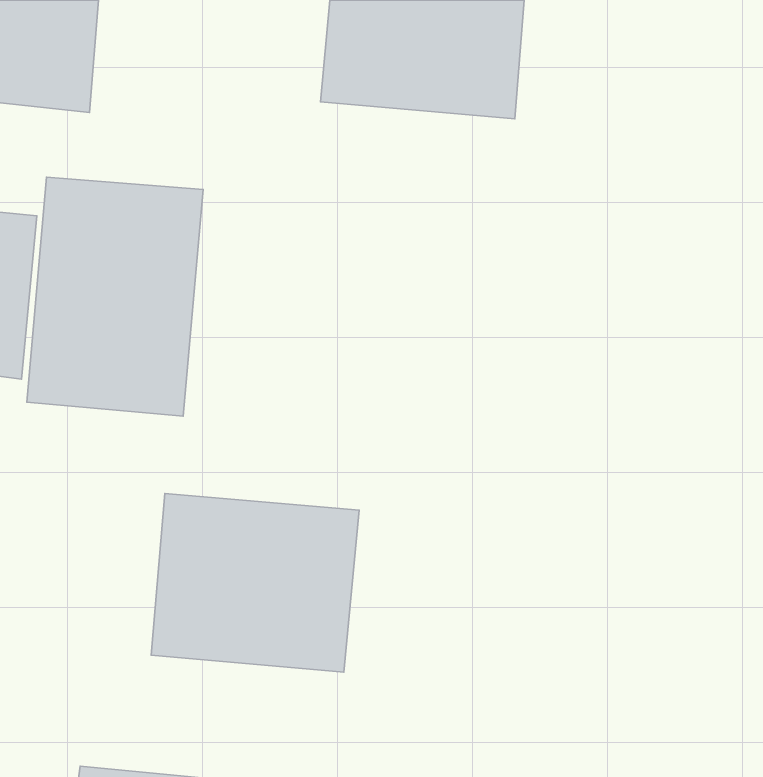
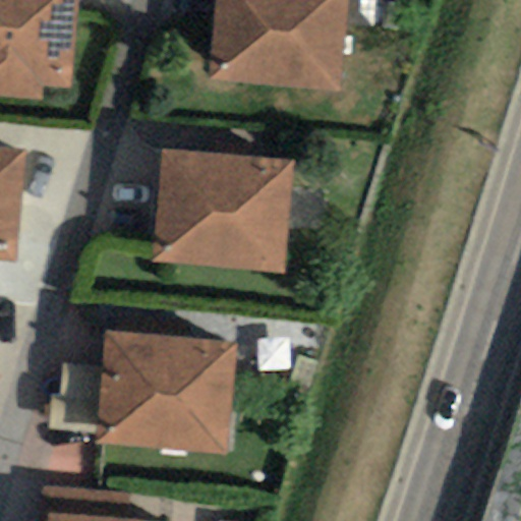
building: [27,177,203,416] -> none
building: none -> [157,150,295,268]

